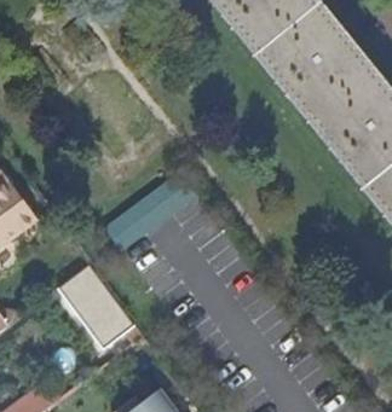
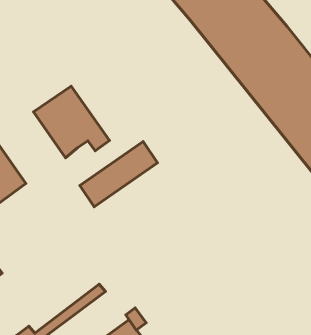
building: none -> [34,86,110,158]
building: [65,265,145,344] -> none

